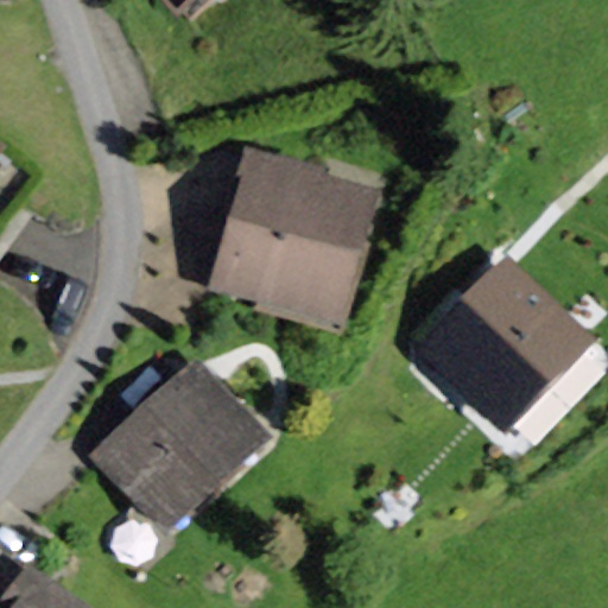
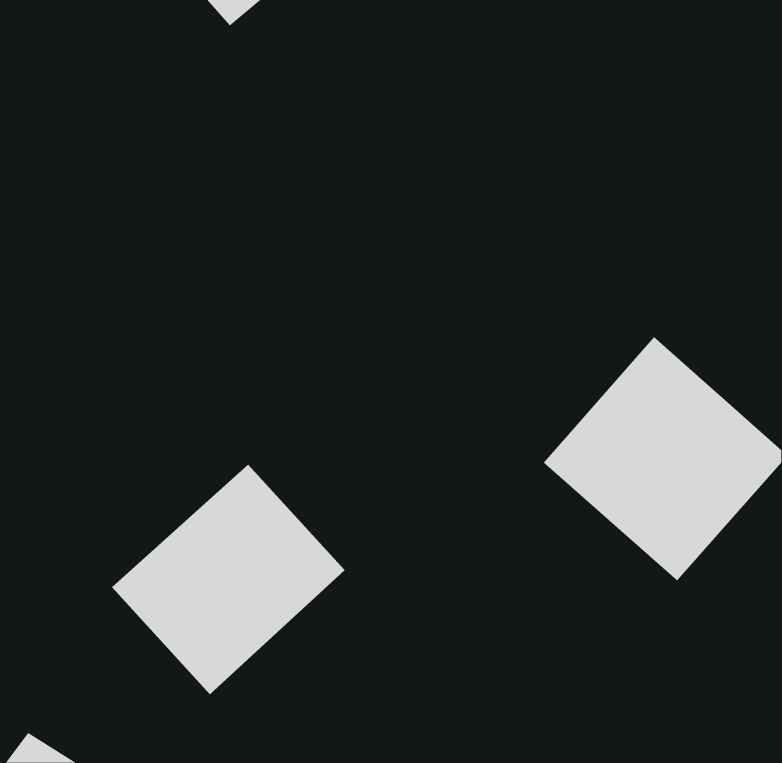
building: [211,156,385,329] -> none

